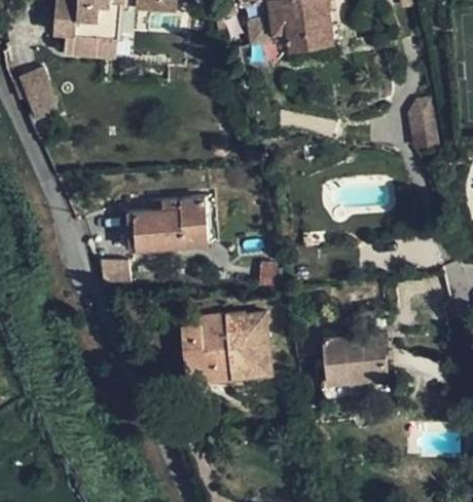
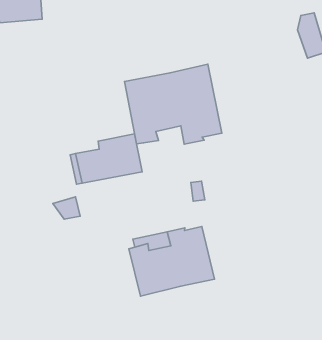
building: none -> [124,64,222,144]
building: [310,333,389,381] -> none

